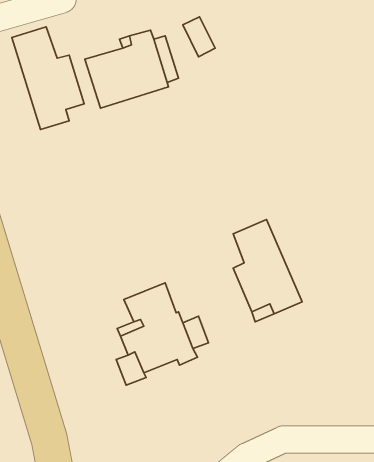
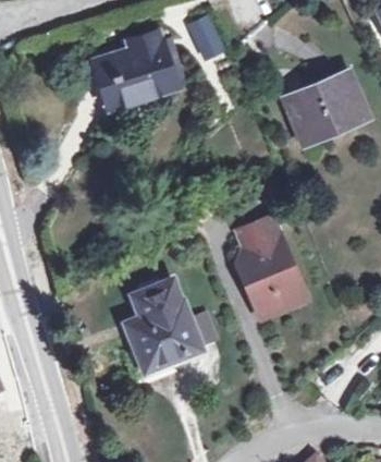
building: [12,27,84,130] -> none
building: none -> [287,74,364,138]

